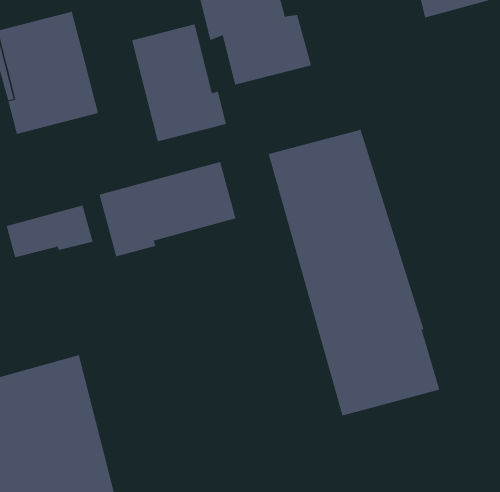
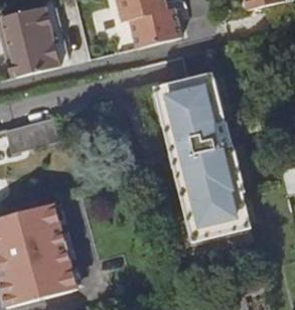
building: [132,24,226,142] -> none
building: [99,161,236,257] -> none

